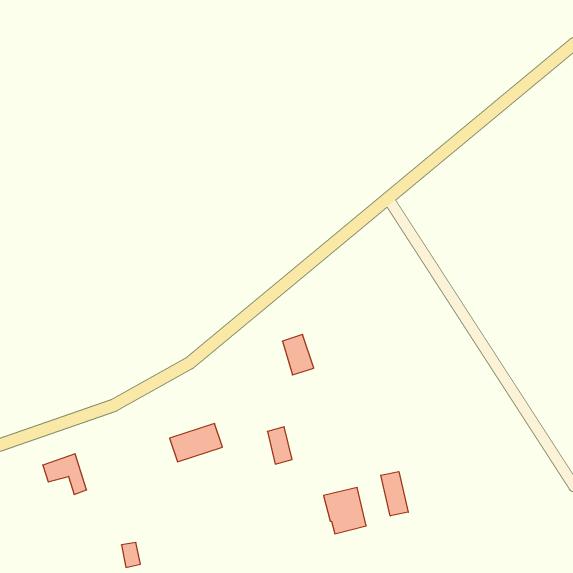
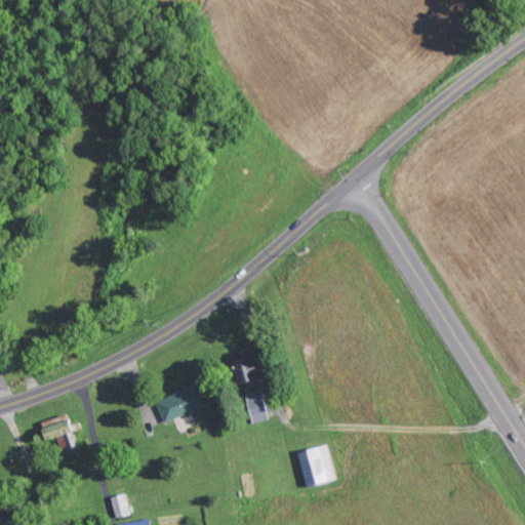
building: [282,334,314,375] -> [231,356,259,393]
building: [381,472,408,516] -> none

